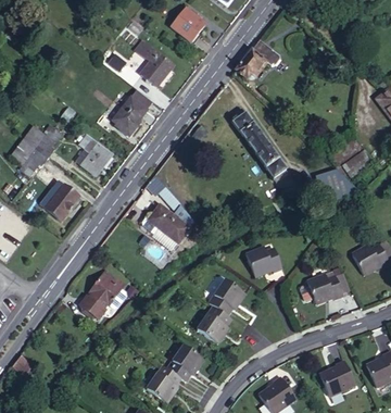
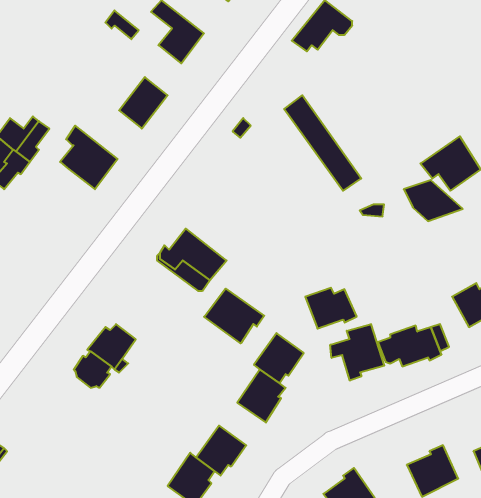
building: [45,179,80,220] -> none
building: none -> [204,289,264,343]
building: none -> [330,324,384,381]

